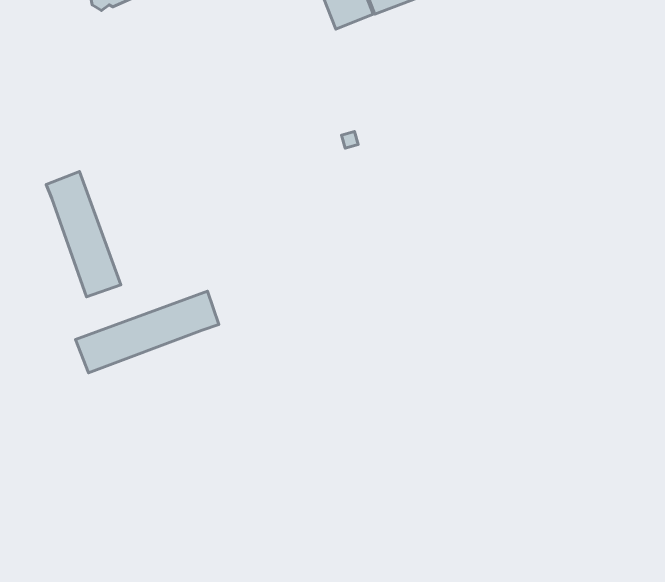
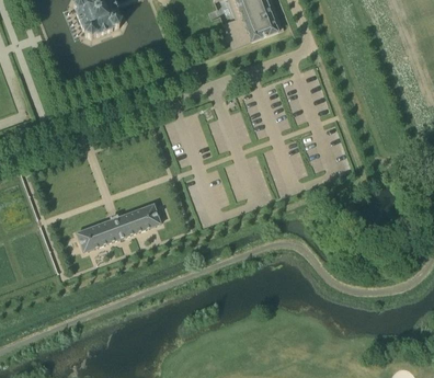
building: [46,171,121,297] -> none

